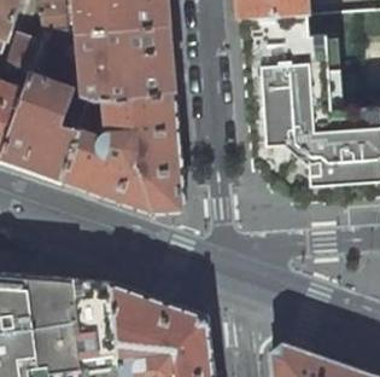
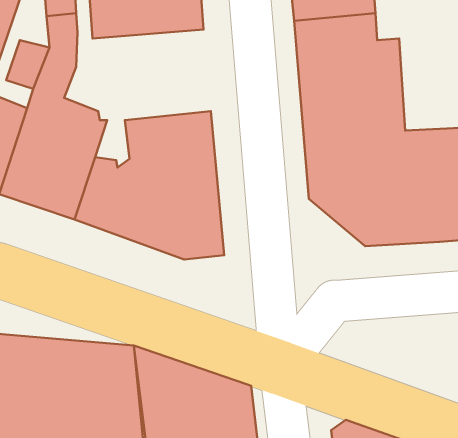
building: [77,25,174,100] -> none

